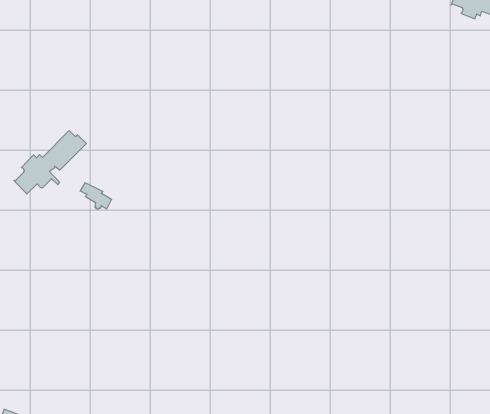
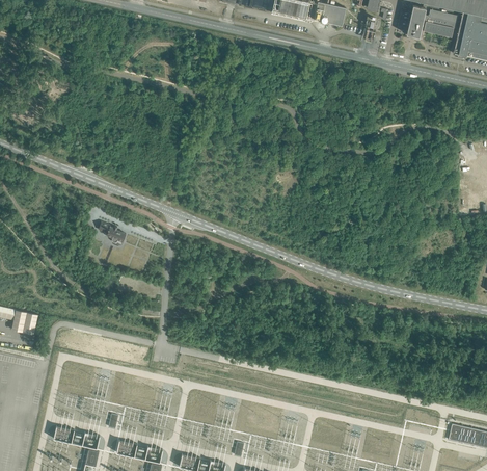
building: [14,131,86,194] -> none

